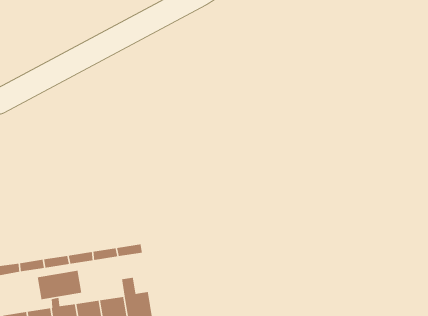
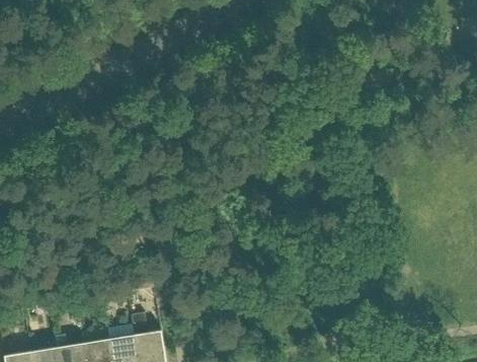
building: [37,270,82,300] -> none

